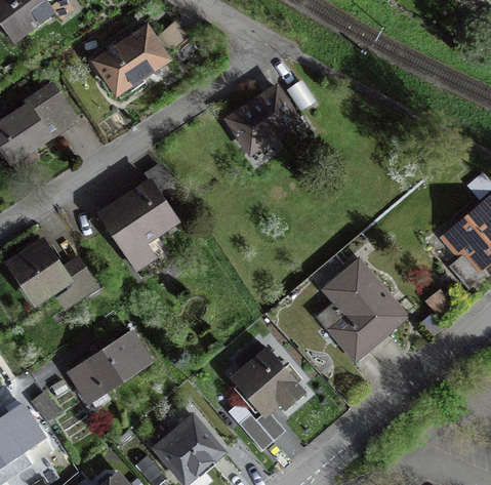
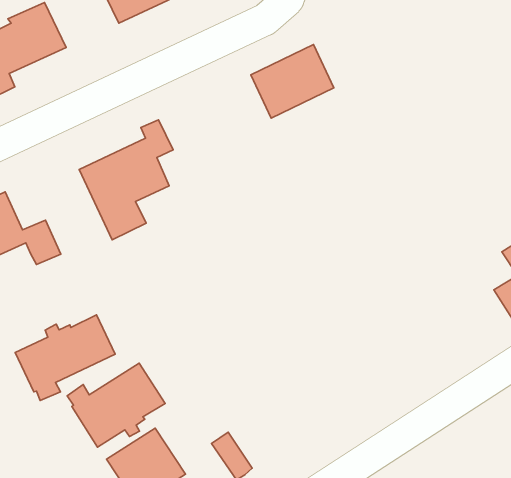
building: [317,260,404,358] -> none
building: [234,351,302,413] -> none
building: none -> [67,363,165,447]

